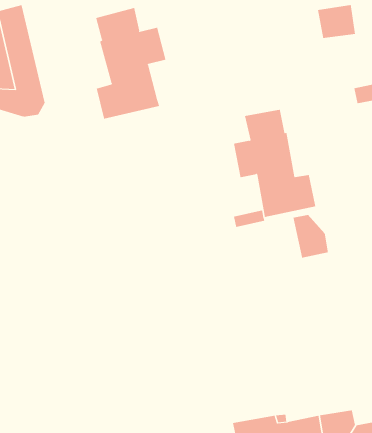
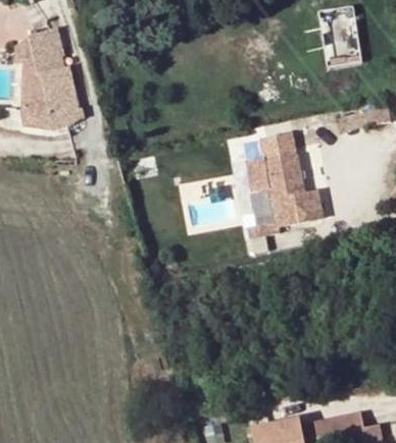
building: [96,7,166,120] -> none
building: [293,214,329,258] -> none

